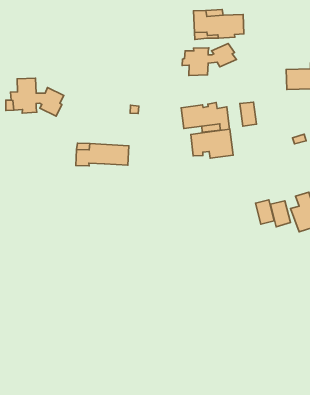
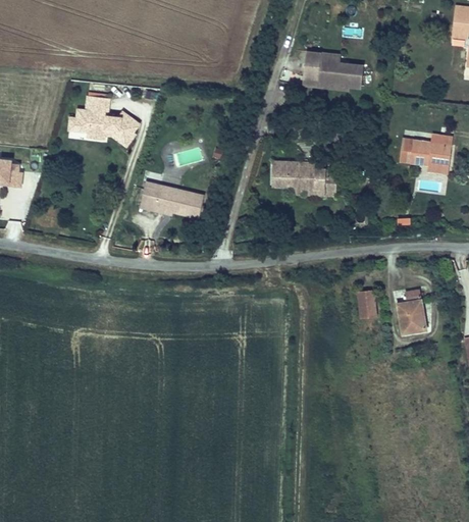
building: [182,44,236,76] -> none
building: [240,102,256,126] -> none
building: [191,129,233,158] -> none

